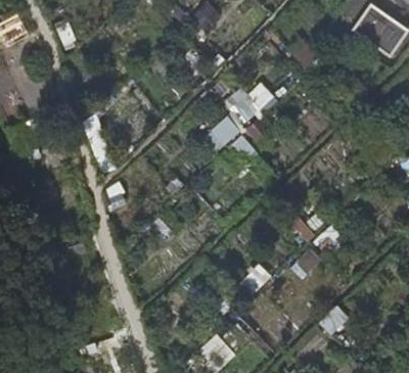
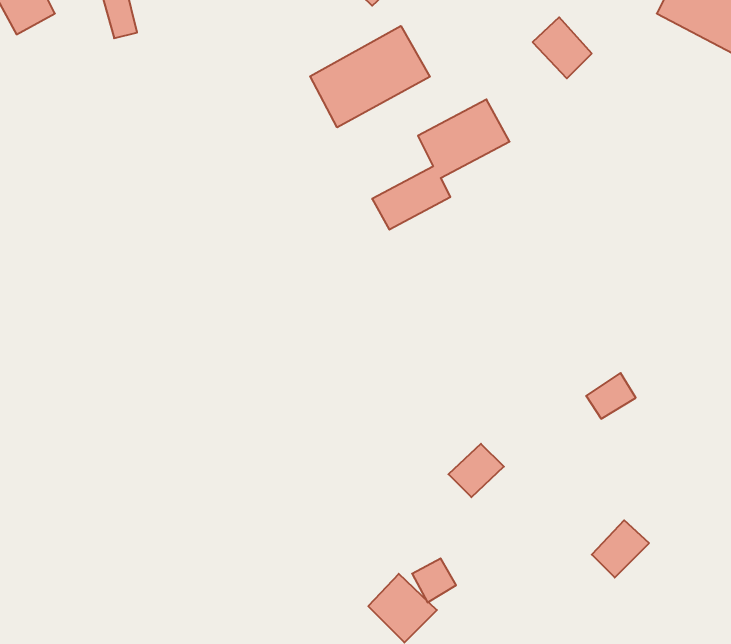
building: none -> [310,26,430,127]

